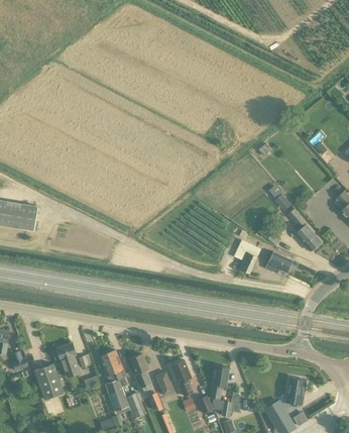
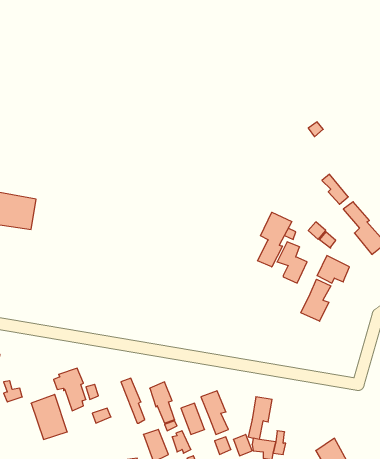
building: none -> [258,212,292,267]
building: none -> [301,279,331,321]
building: [100,353,128,410] -> none
building: [285,376,307,406] -> none

